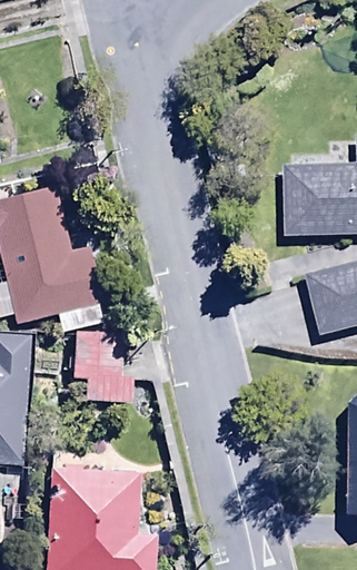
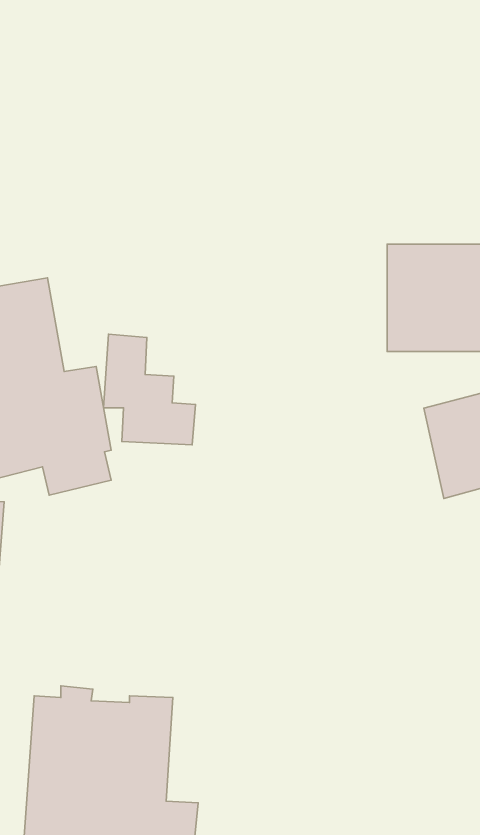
building: [73,330,135,403] -> [104,334,195,445]

